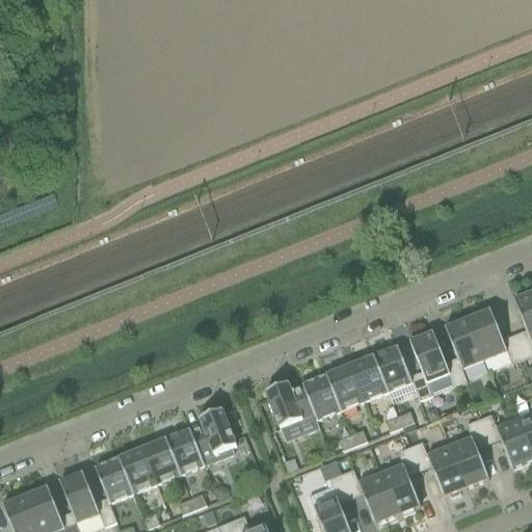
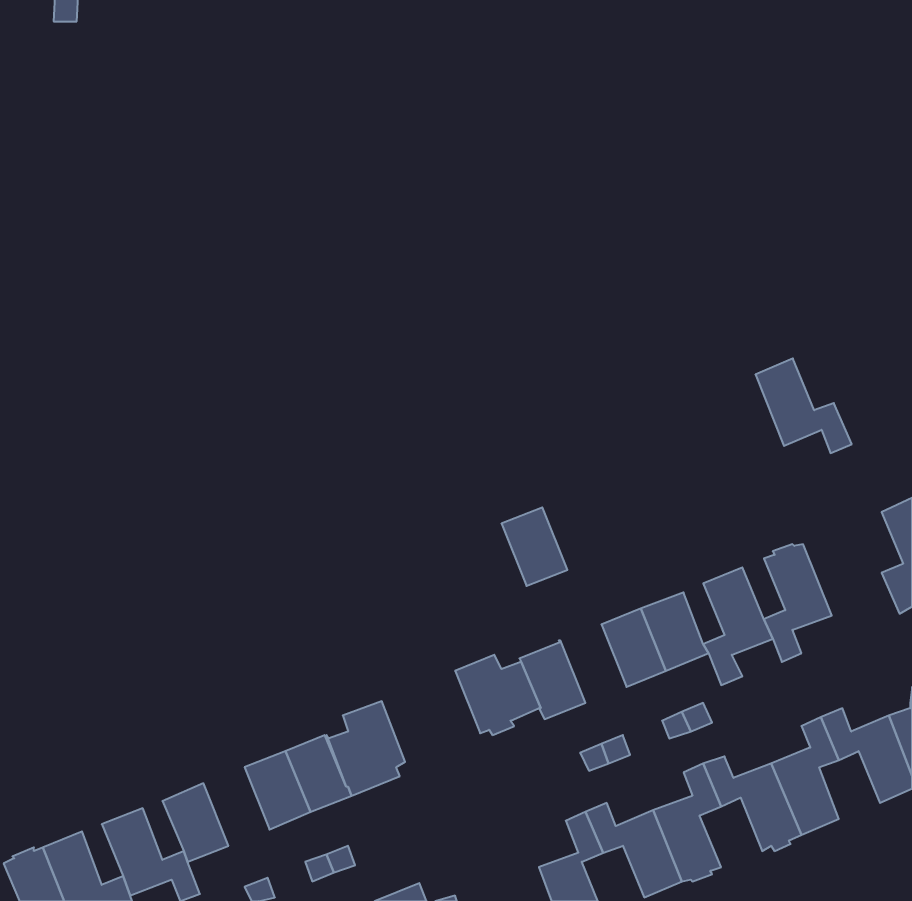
building: [468,308,524,363] -> [755,358,852,453]
building: [326,364,365,409] -> [501,507,567,586]
building: [118,447,157,493] -> none

